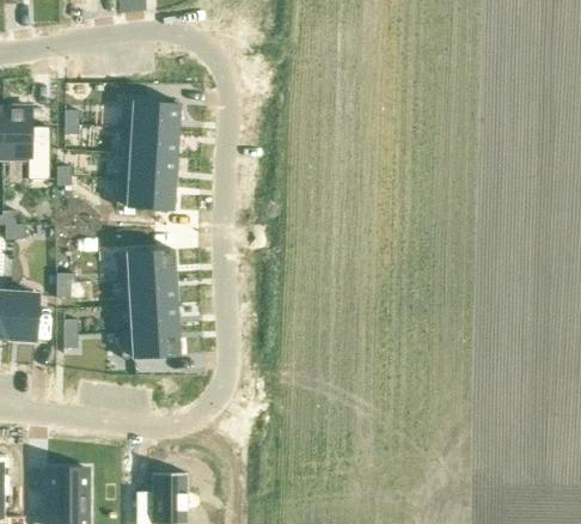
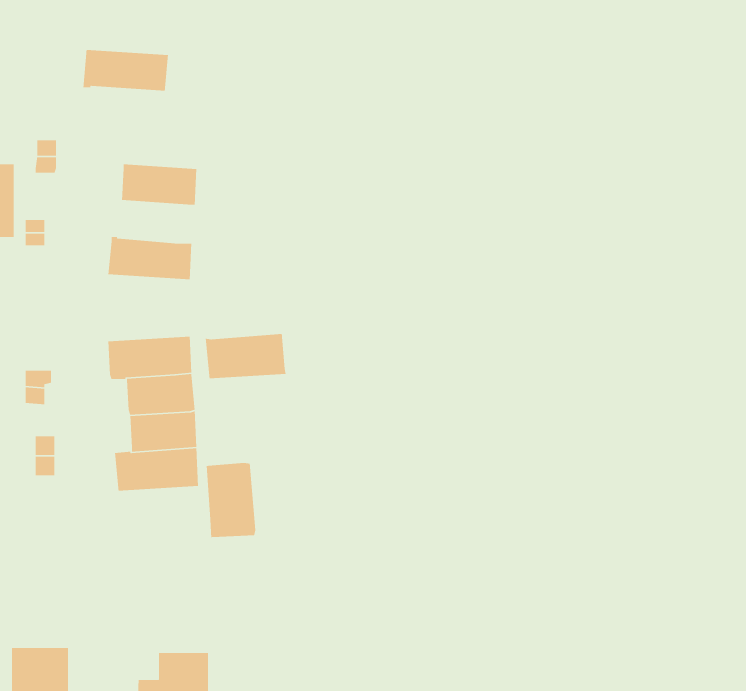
building: [120,100,181,130] -> [83,49,169,92]
building: [122,153,177,183] -> none
building: none -> [205,333,286,379]
building: none -> [206,462,256,538]

